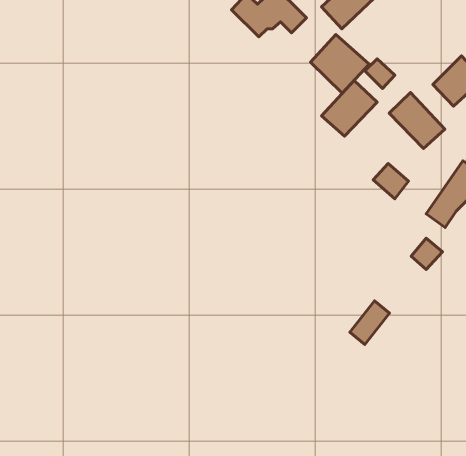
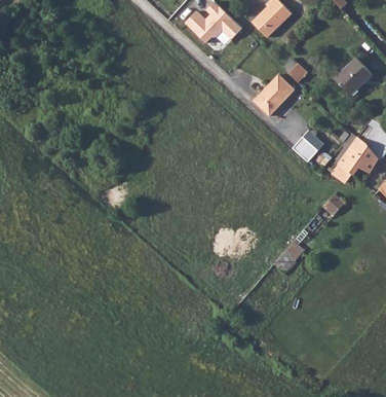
building: [310,34,369,93] -> none
building: [389,93,445,148] -> none

